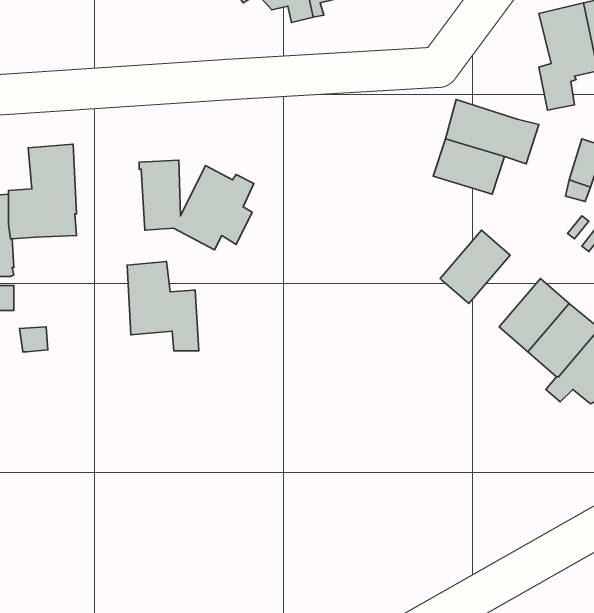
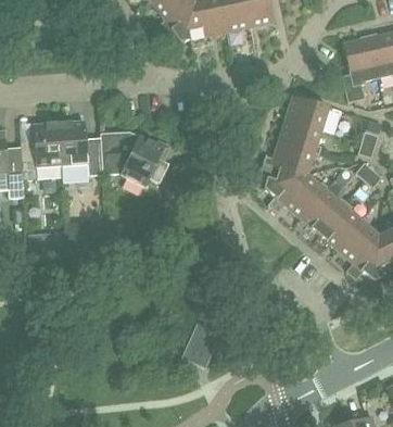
building: none -> [259,141,314,212]
building: none -> [300,189,343,233]
building: [127,261,199,351] -> [60,120,103,174]
building: none -> [181,322,220,367]

